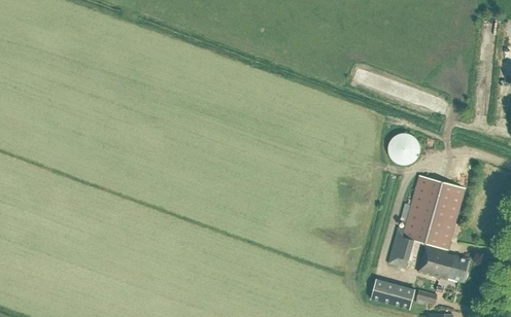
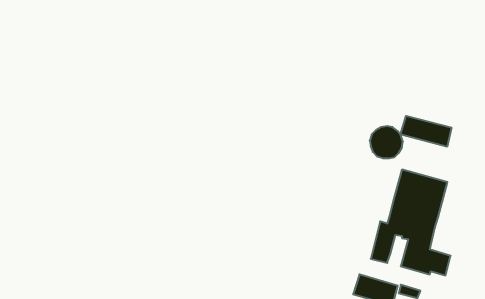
building: none -> [401,116,451,147]

